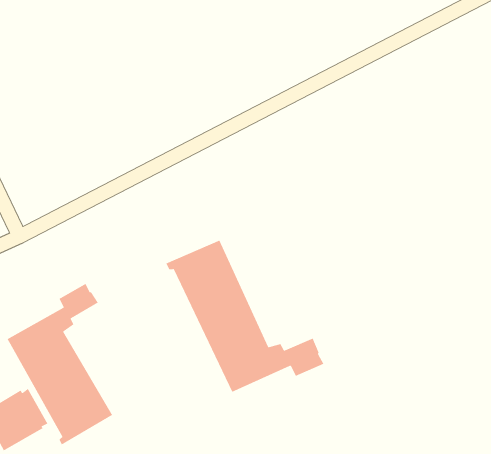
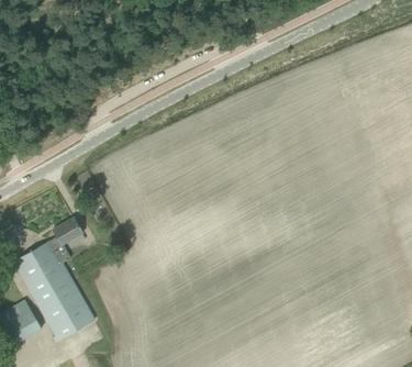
building: [165,240,324,393] -> none

